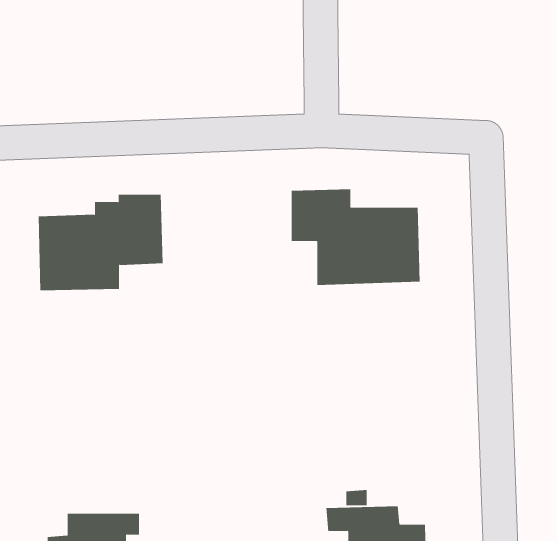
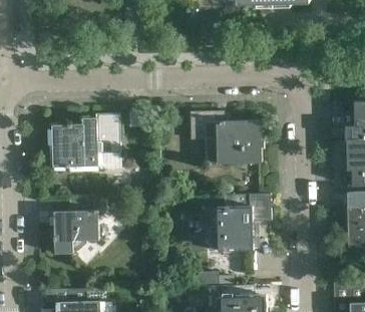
building: none -> [208,195,270,251]
building: none -> [53,200,106,255]

